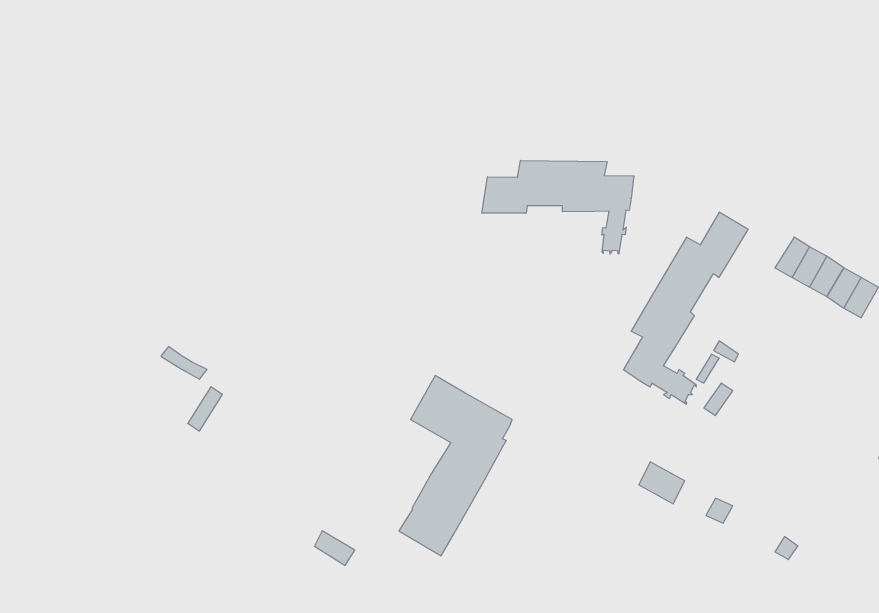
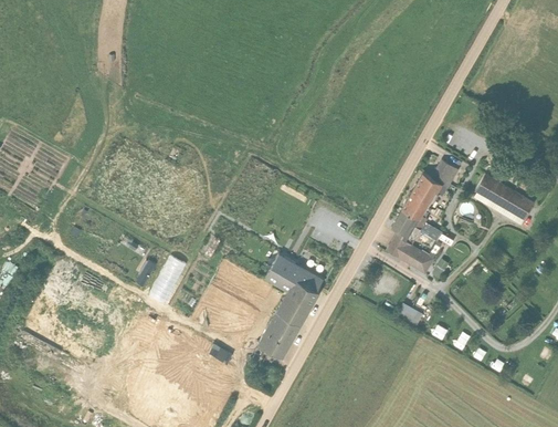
building: [482,160,634,254] -> none

